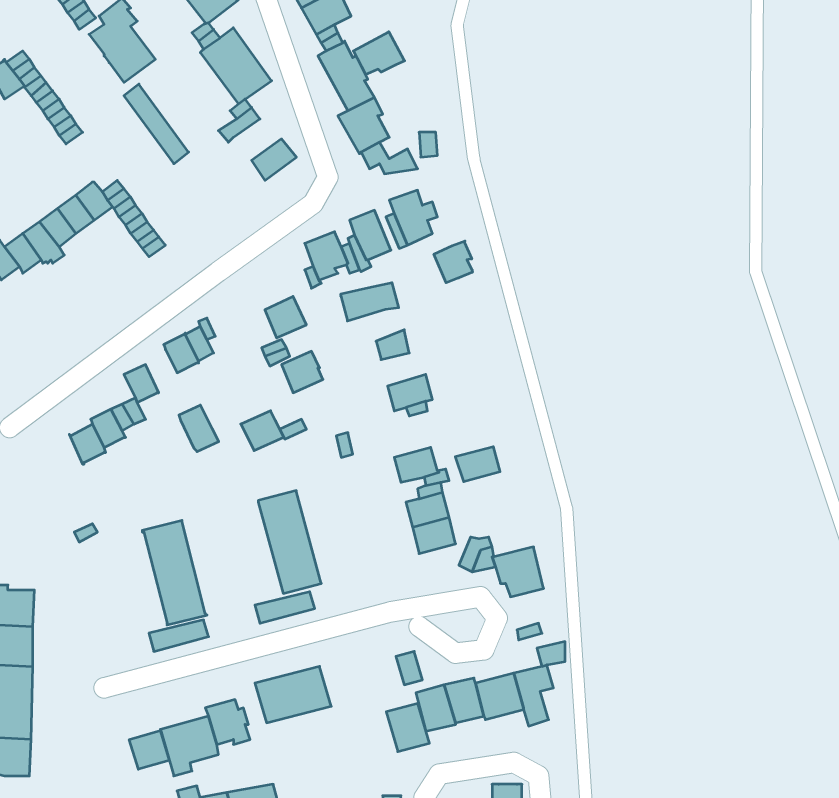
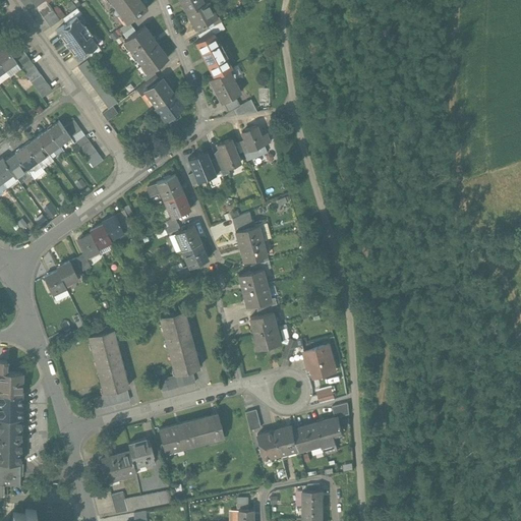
building: [353,32,405,74] -> none
building: none -> [144,79,174,108]
building: [434,241,472,283] -> none
building: none -> [147,175,181,199]
building: [341,283,399,321] -> [235,223,271,246]
building: [179,405,219,452] -> [90,224,114,252]
building: [241,411,284,451] -> [181,242,208,267]
building: [455,447,500,482] -> [238,269,266,290]
building: [386,703,429,752] -> [197,413,224,443]
building: [129,731,169,769] -> none

